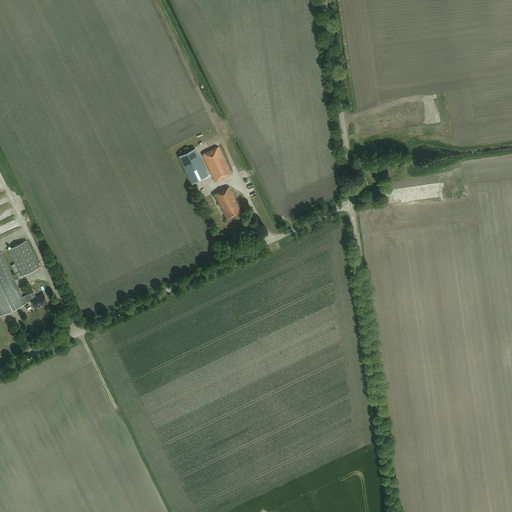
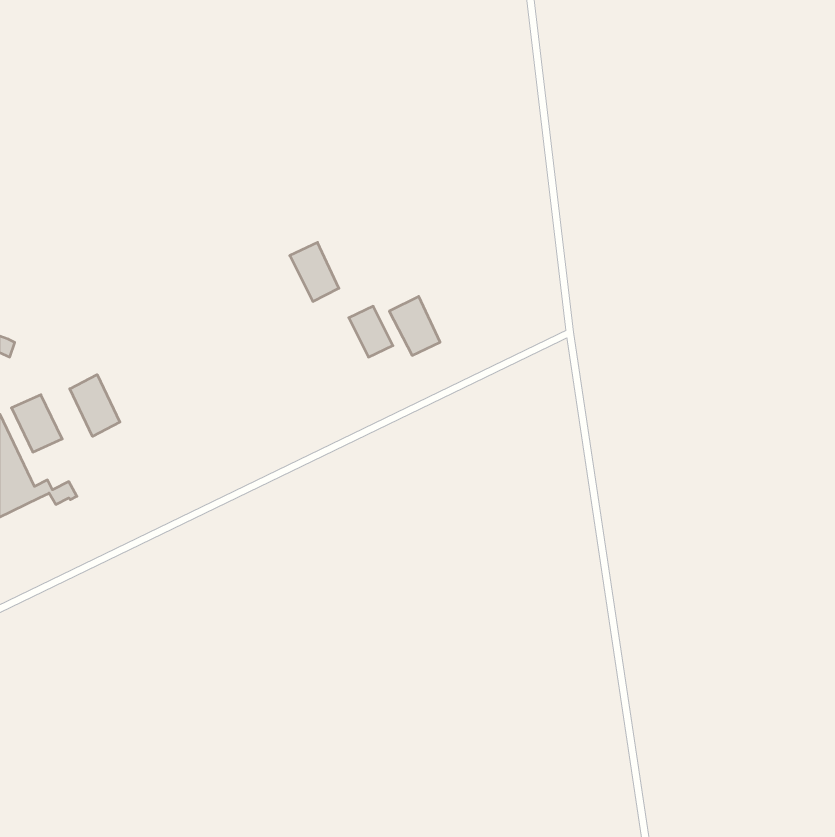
building: [200,146,231,182] -> [389,296,440,355]
building: none -> [70,375,120,436]

